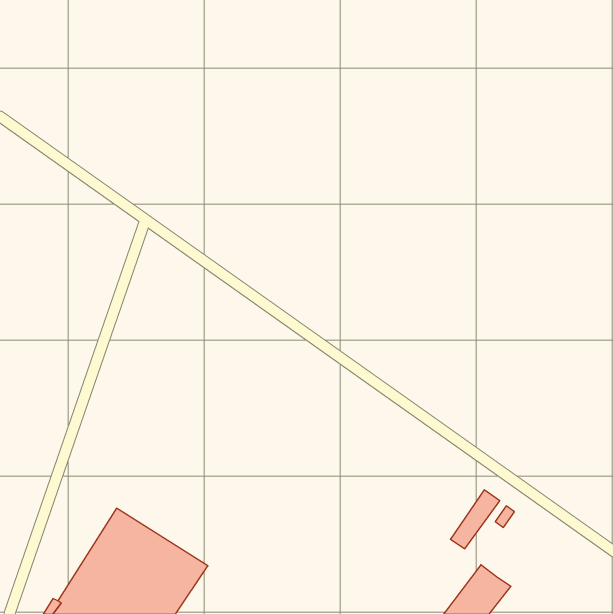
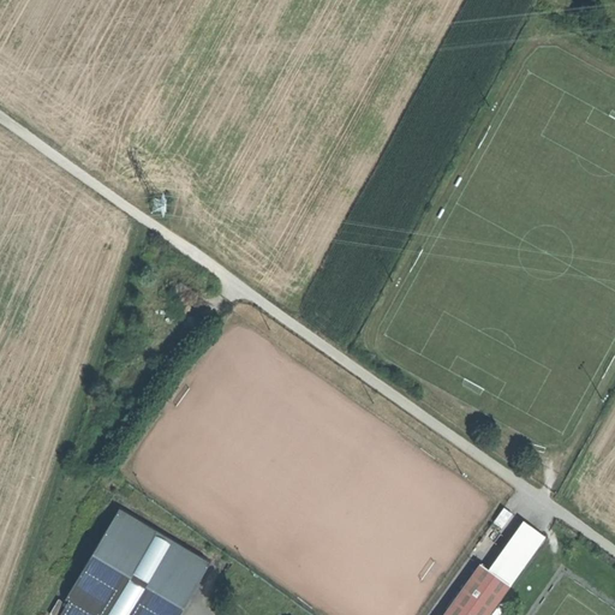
building: [450,490,500,549] -> [497,527,547,586]

